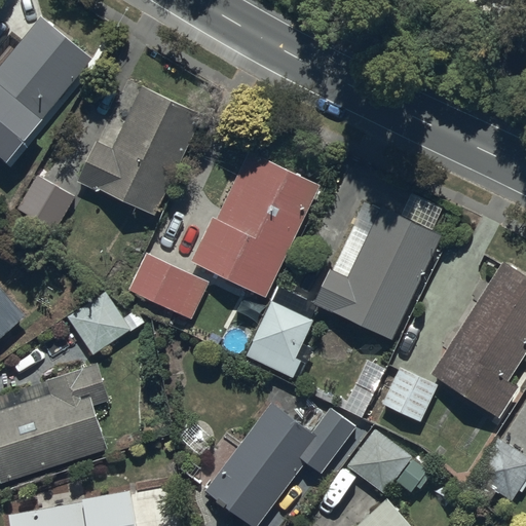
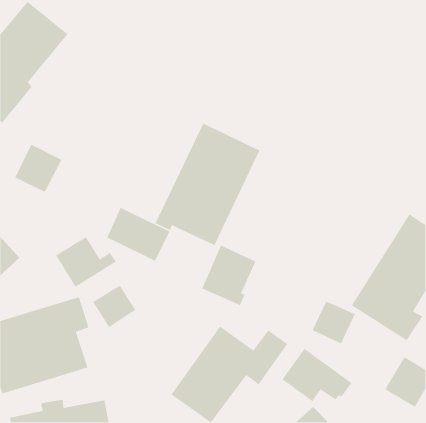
building: [76,75,198,202] -> none
building: [315,212,440,341] -> none
building: none -> [92,285,136,328]

